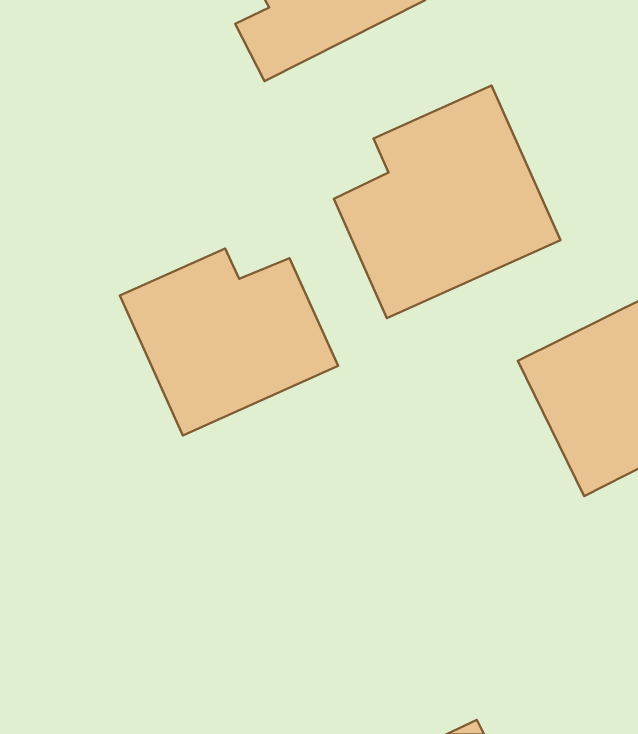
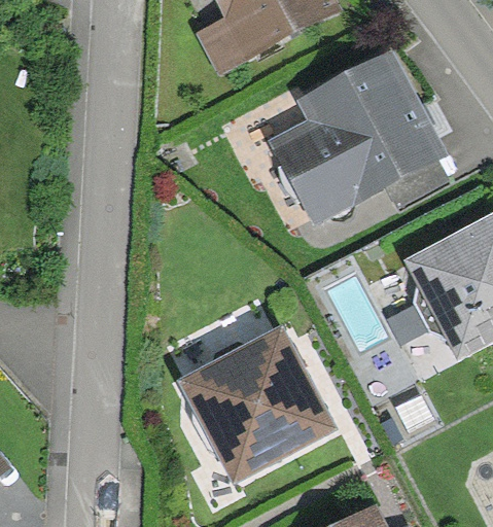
building: [120,248,338,436] -> none
building: none -> [179,333,327,482]

